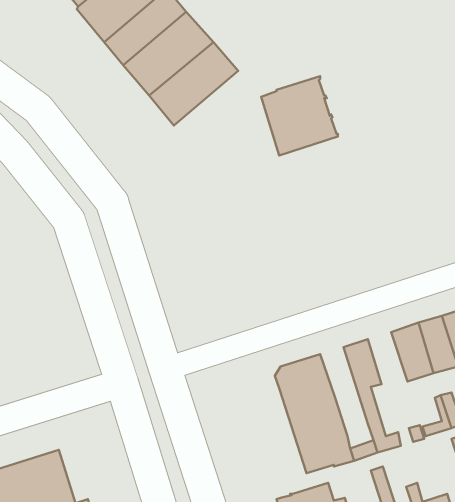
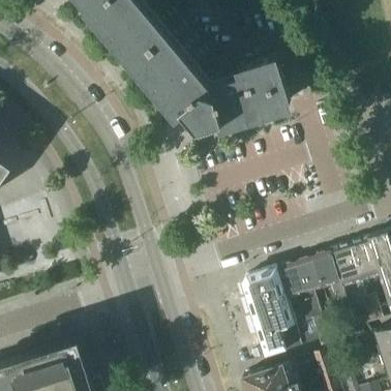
building: none -> [166,57,245,129]
building: none -> [312,254,348,311]
building: none -> [276,266,312,327]

